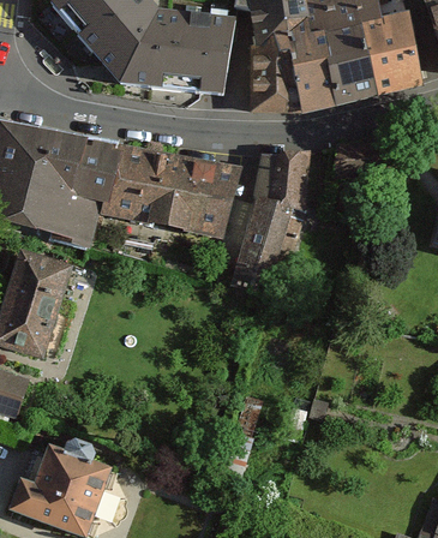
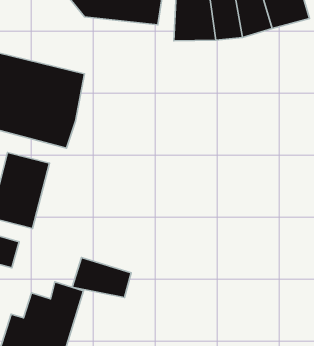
building: [229,143,318,289] -> none
building: [109,150,244,238] -> none
building: none -> [72,257,131,297]

